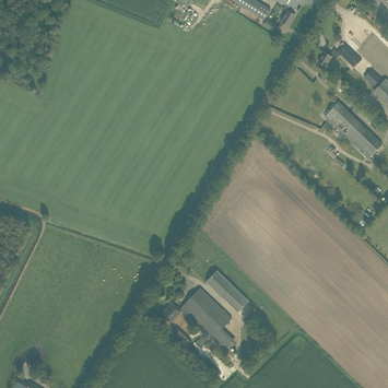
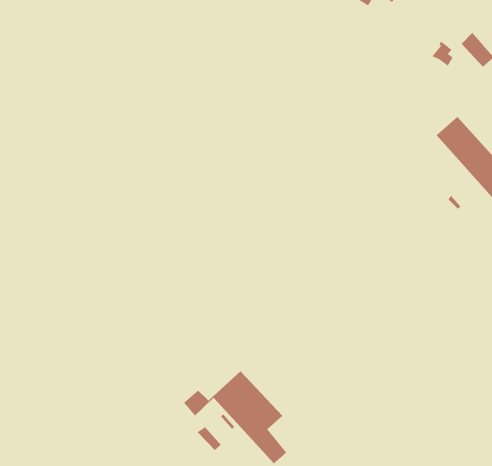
building: [205,269,249,311] -> none

